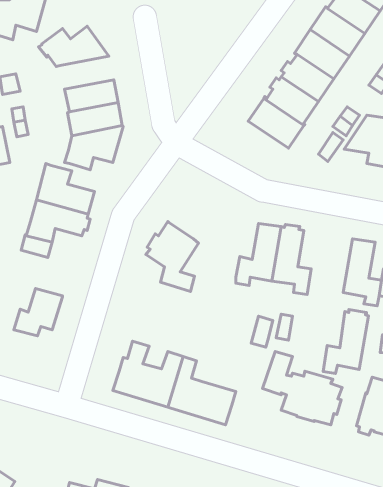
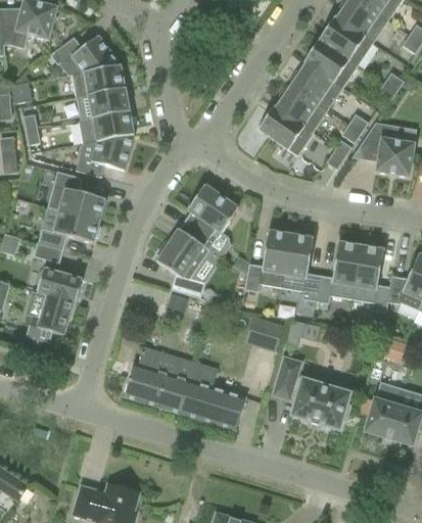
building: none -> [72,64,125,97]
building: none -> [179,183,238,245]
building: none -> [37,268,83,302]
building: [323,310,369,374] -> [316,239,361,302]

